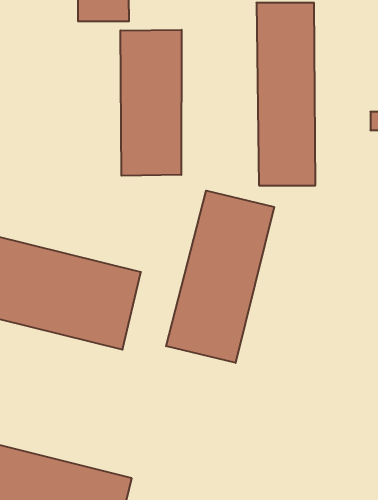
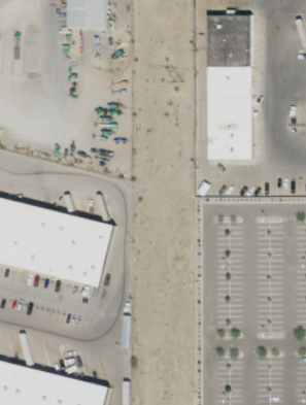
building: [120,30,182,176] -> none
building: [166,191,274,363] -> none

